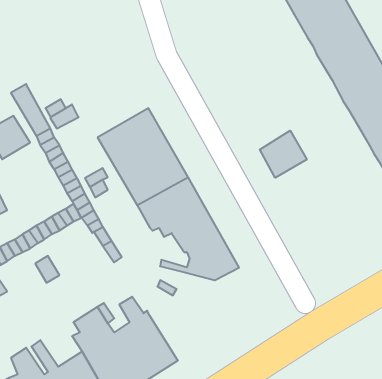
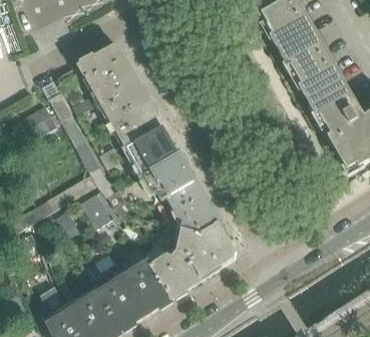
building: none -> [78,46,150,122]
building: [260,131,307,178] -> none
building: none -> [80,194,112,230]
building: none -> [151,225,236,298]

